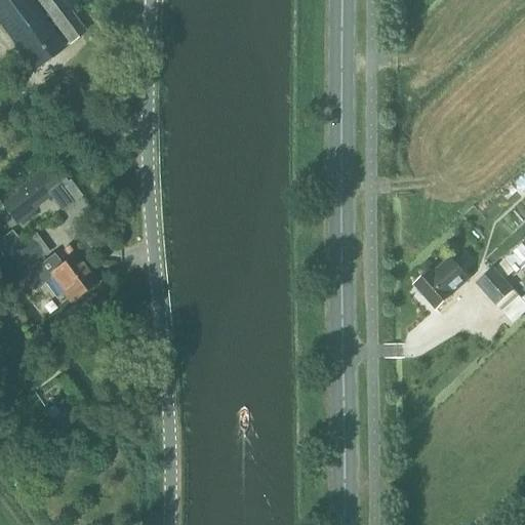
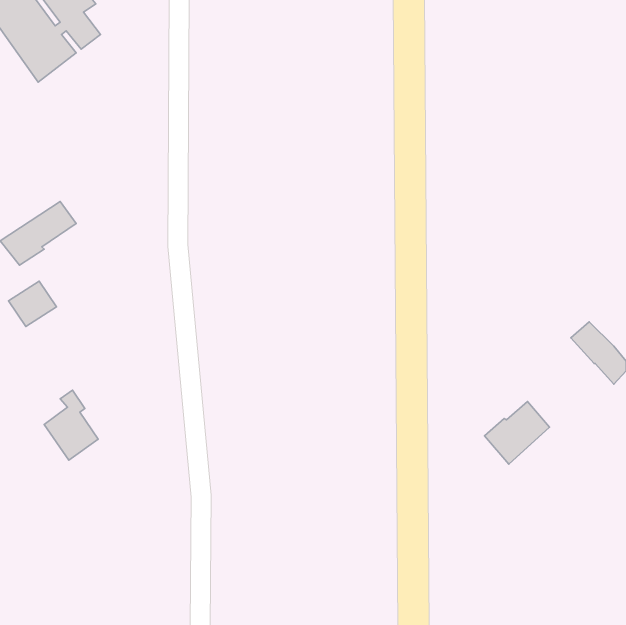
building: [49,242,94,300] -> [44,390,98,460]
building: [414,255,469,308] -> [484,401,549,464]

